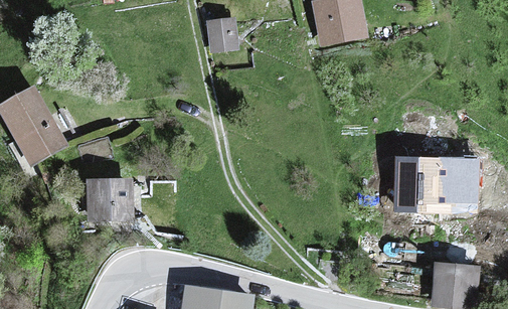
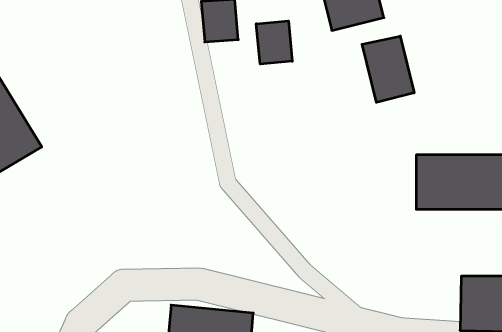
building: none -> [256,21,292,64]
building: none -> [362,36,414,102]
building: [82,174,137,223] -> none

